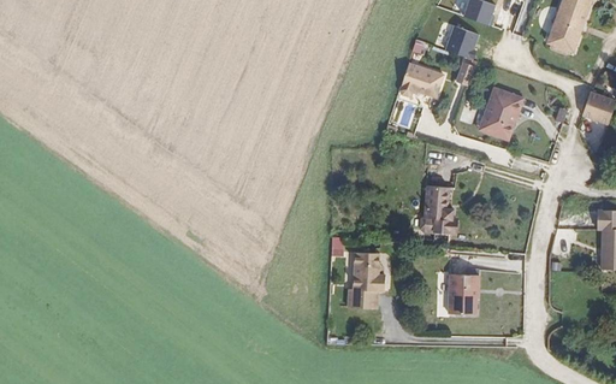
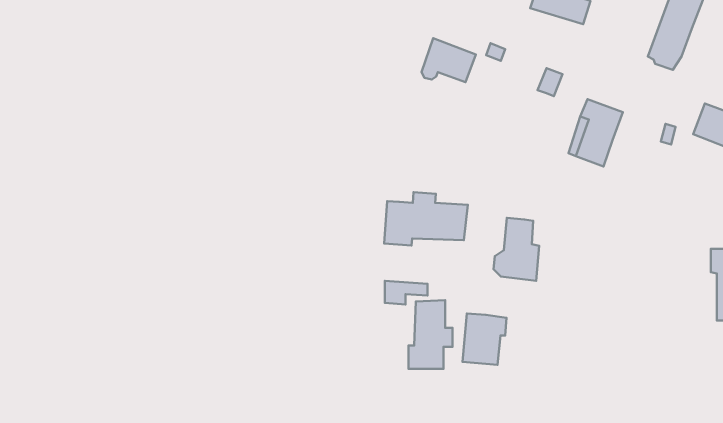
building: [445,25,481,60] -> none
building: [398,61,443,98] -> [422,38,476,82]
building: none -> [384,192,468,245]
building: [444,273,480,315] -> [462,313,506,365]

